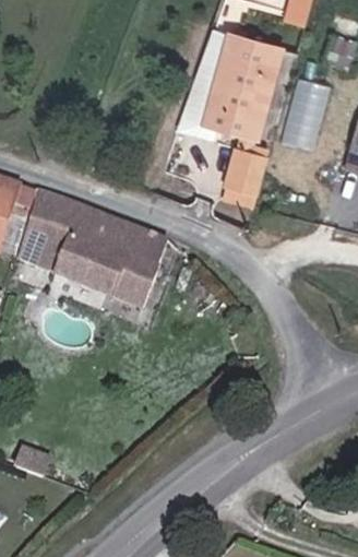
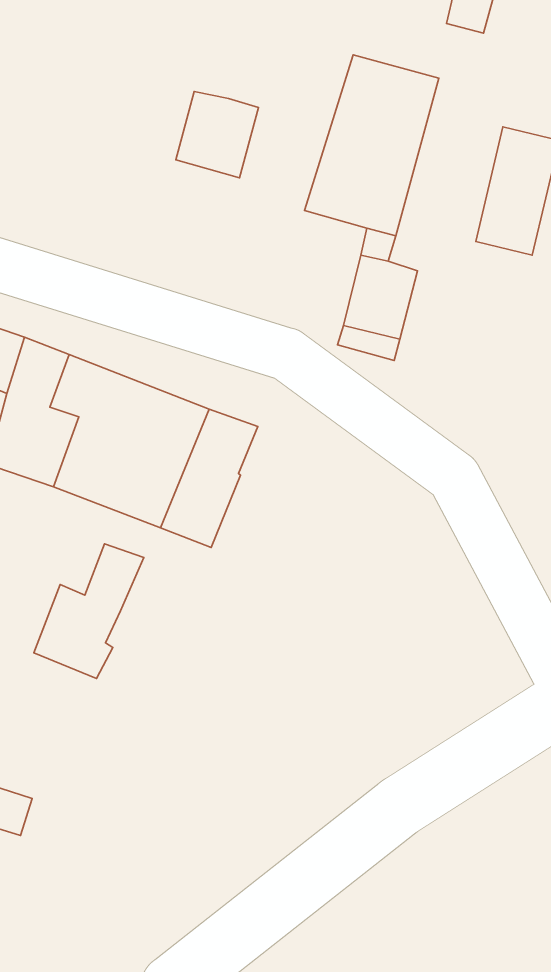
building: none -> [176,91,259,178]
building: none -> [34,544,144,678]

